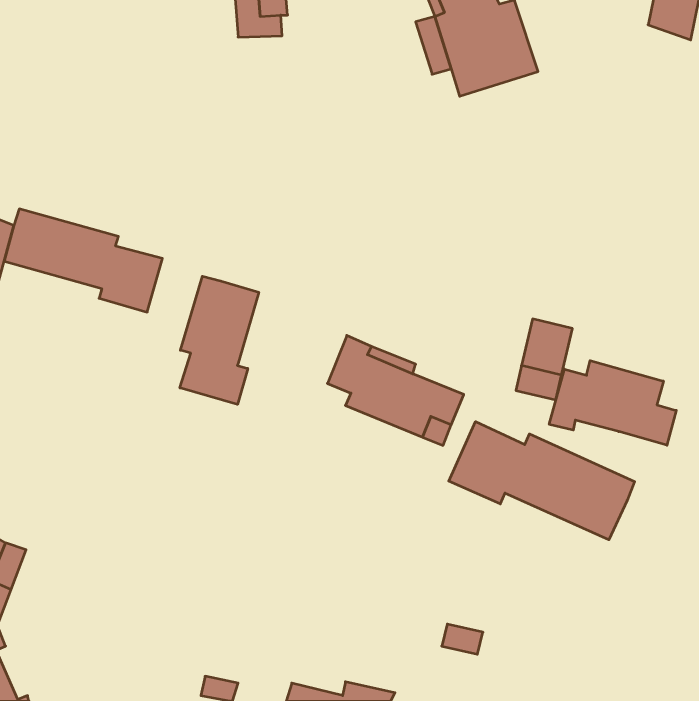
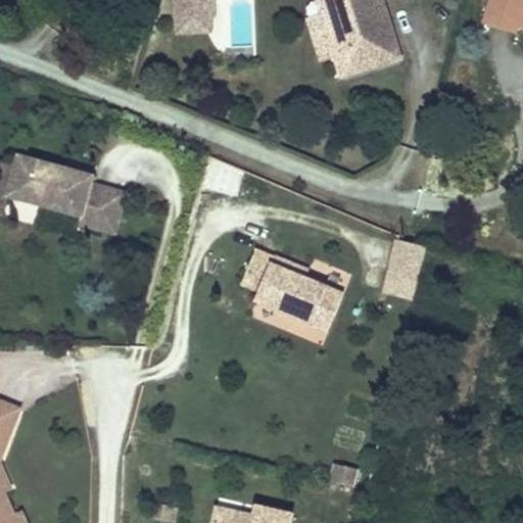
building: [180,276,259,404] -> none
building: [549,361,676,445] -> none
building: [449,422,635,540] -> none

